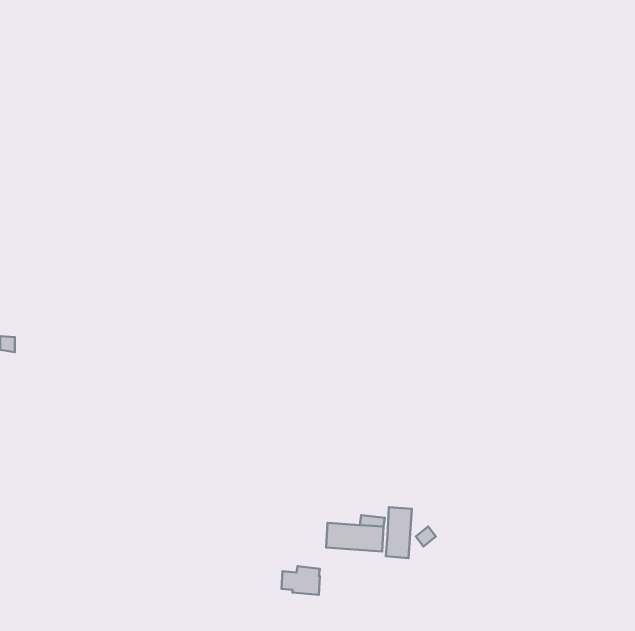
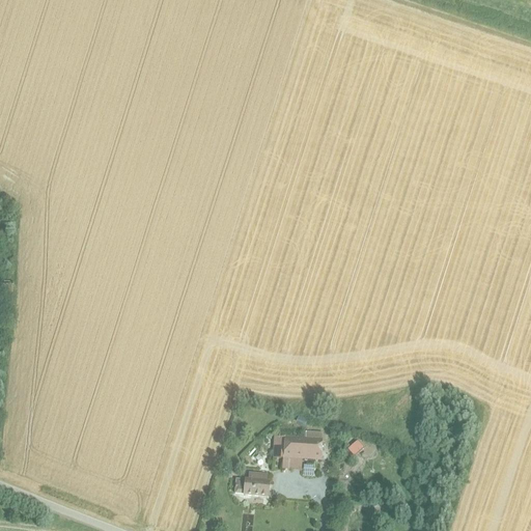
building: [386,507,412,558] -> none

